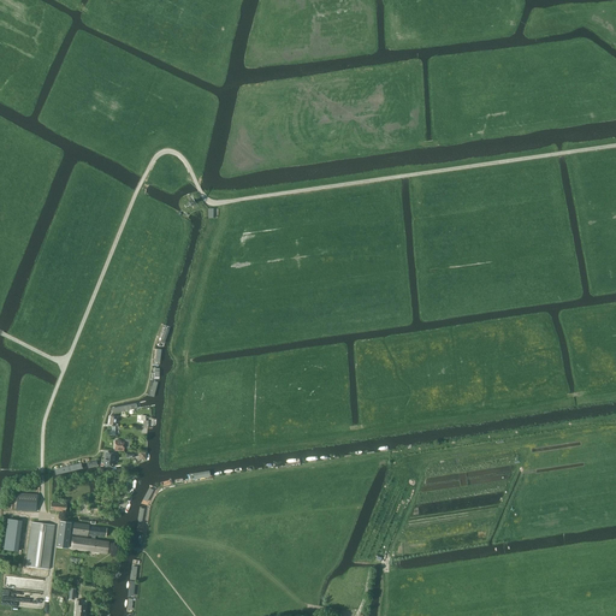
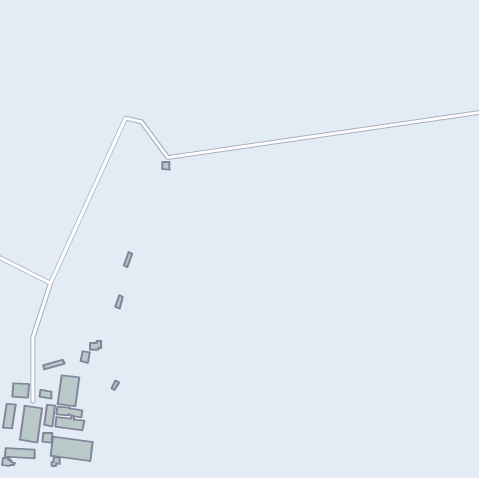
building: none -> [58,375,79,406]
building: none -> [51,436,92,461]

